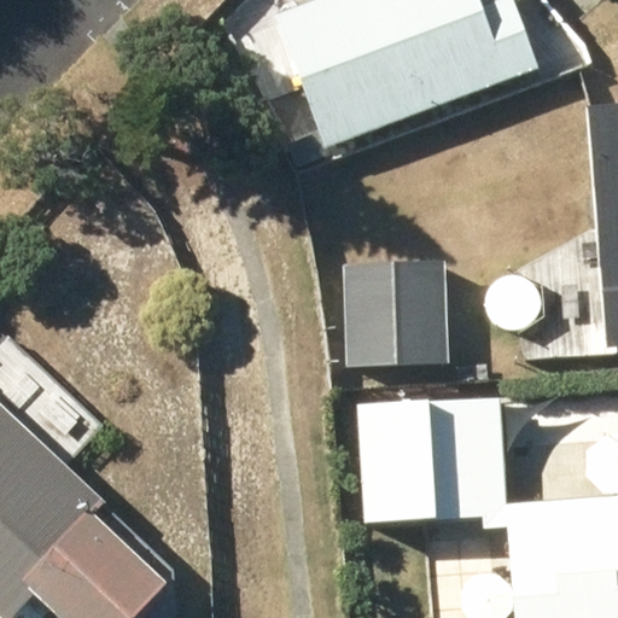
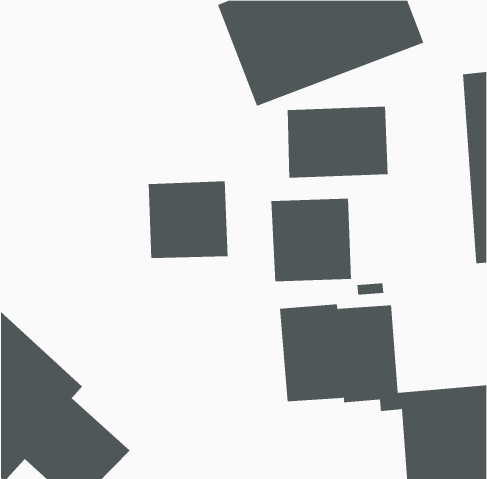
building: none -> [287,106,388,179]
building: none -> [148,180,228,259]

